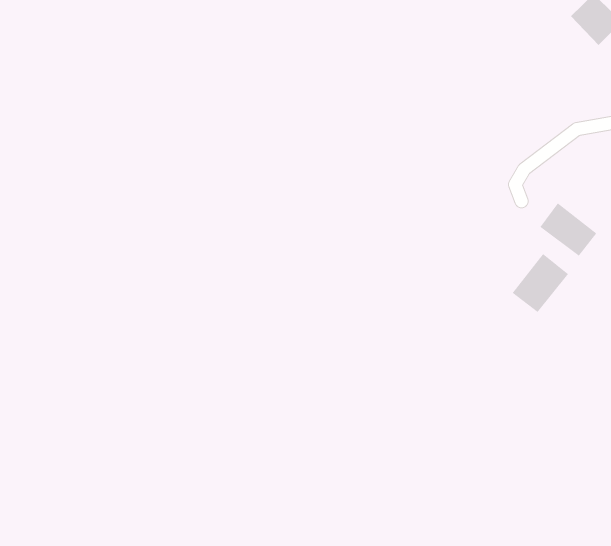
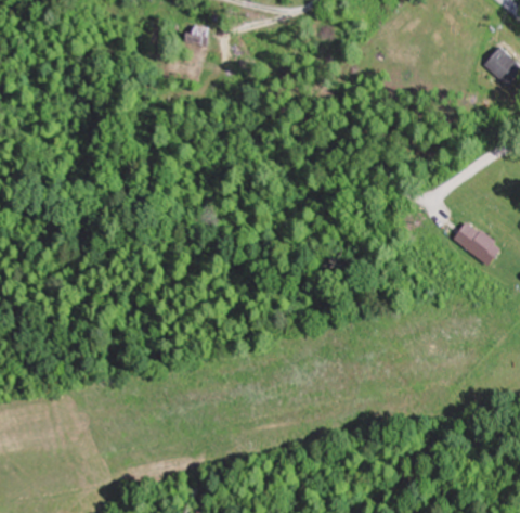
building: [512,253,569,313] -> none

